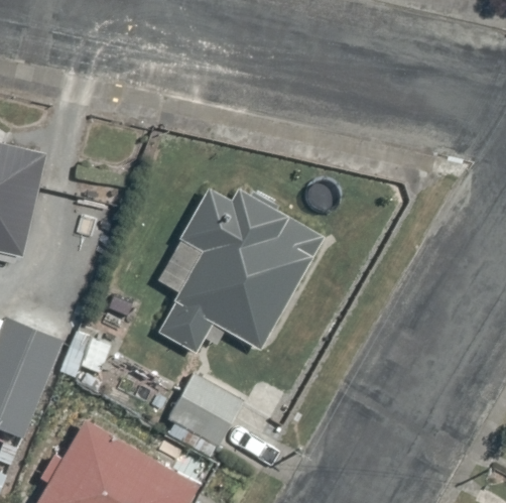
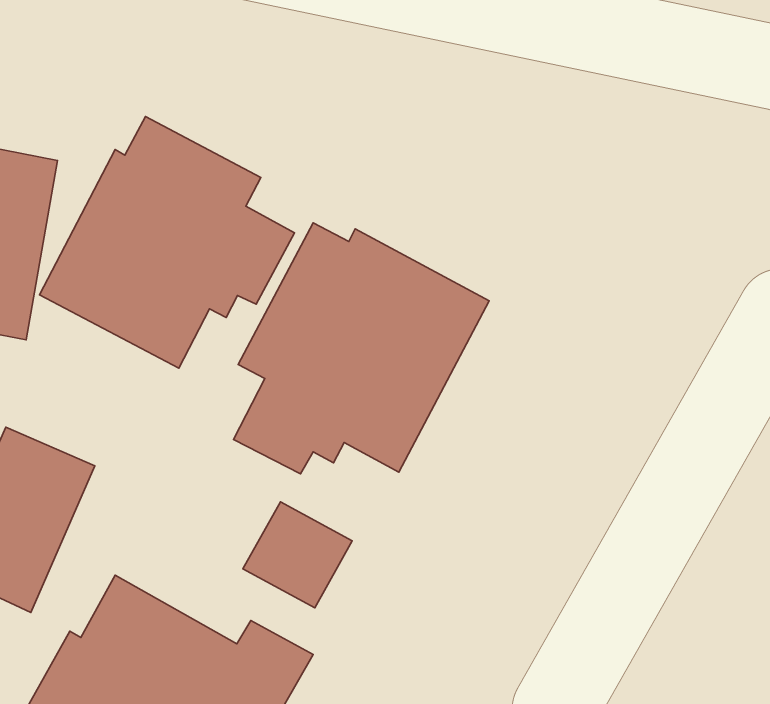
building: none -> [39,117,294,368]

